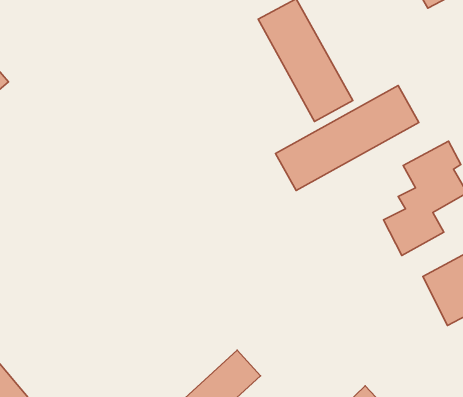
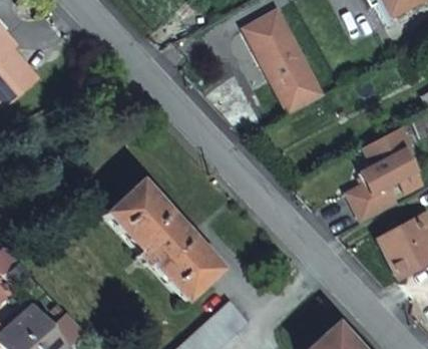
building: [276,86,419,190] -> none
building: none -> [103,185,217,301]

